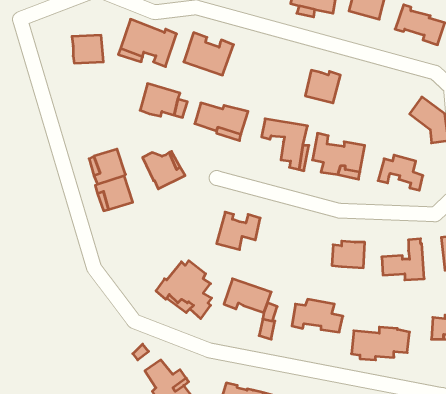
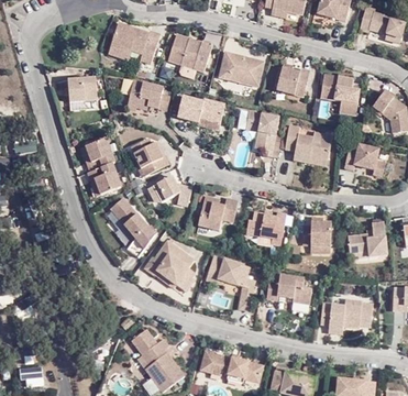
building: [72,35,103,63] -> [68,75,97,100]
building: none -> [218,50,264,86]
building: none -> [320,74,361,114]
building: none -> [147,175,191,205]
building: none -> [109,197,155,256]
building: none -> [244,210,285,245]

